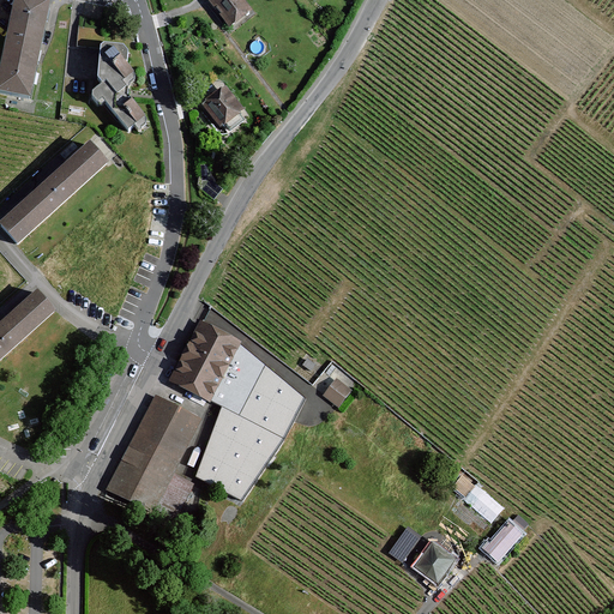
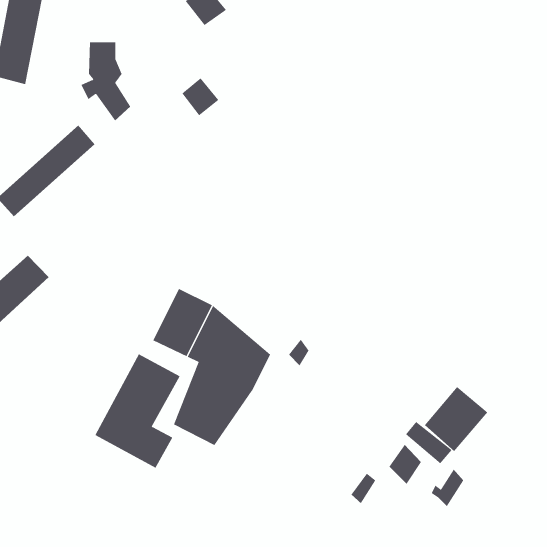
building: none -> [424,386,488,452]
building: [416,543,453,589] -> [388,444,422,485]

